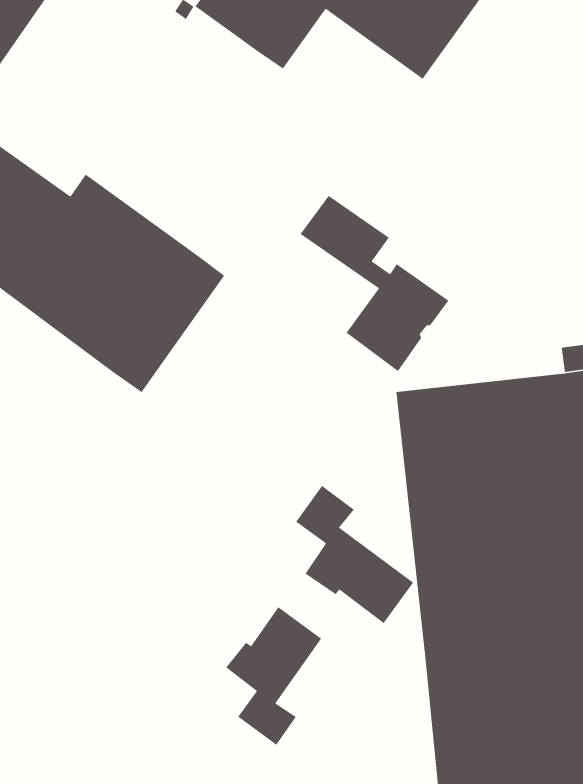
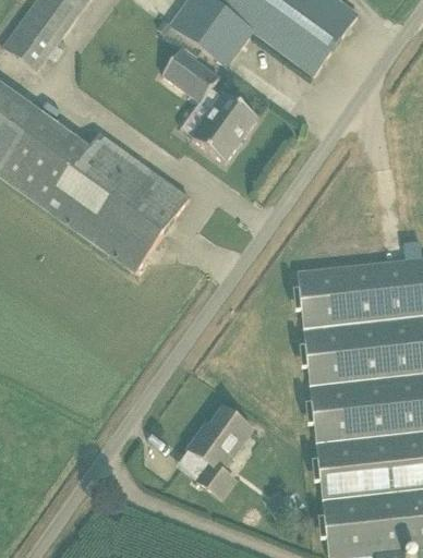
building: [299,195,449,372] -> [161,49,257,162]
building: [295,485,414,624] -> none

